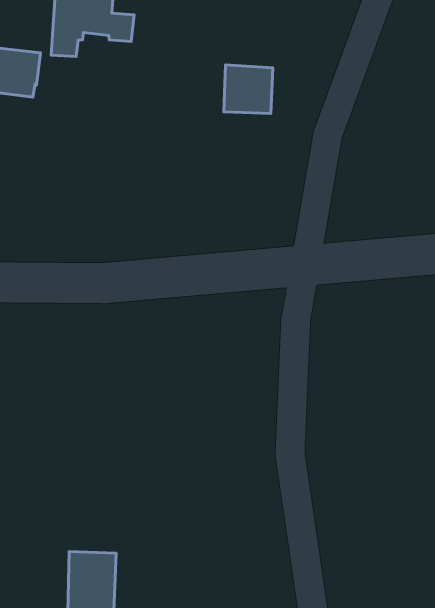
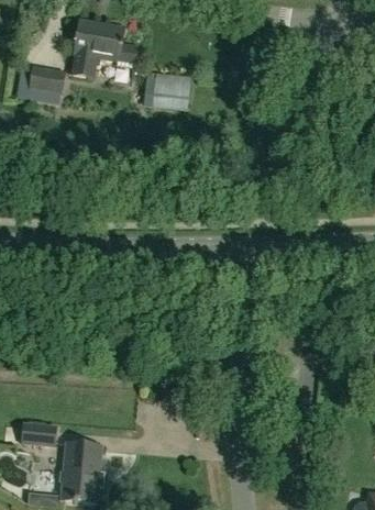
building: [224,65,273,114] -> [151,71,189,110]
building: none -> [20,422,55,446]

